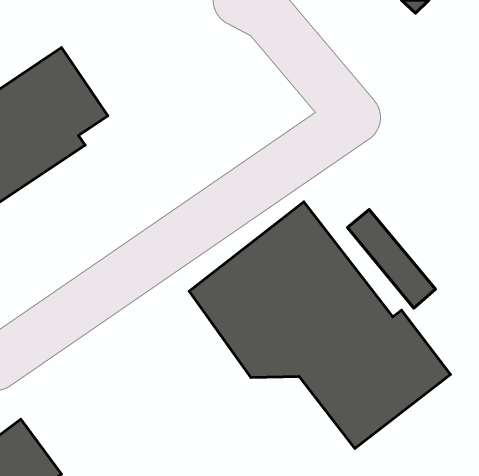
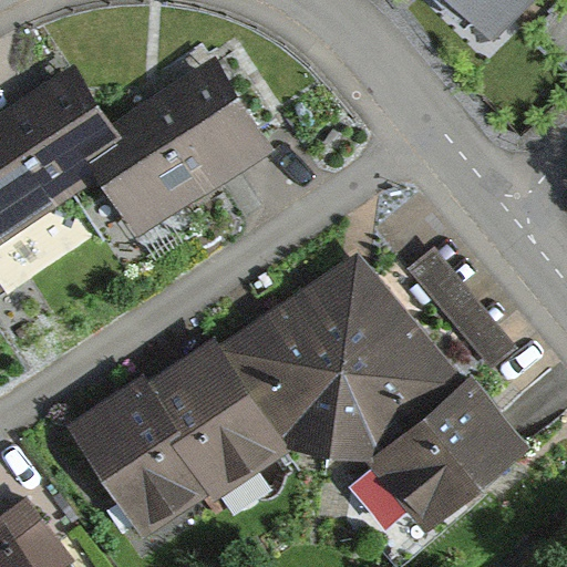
building: none -> [92,61,270,235]
building: none -> [64,342,286,539]

